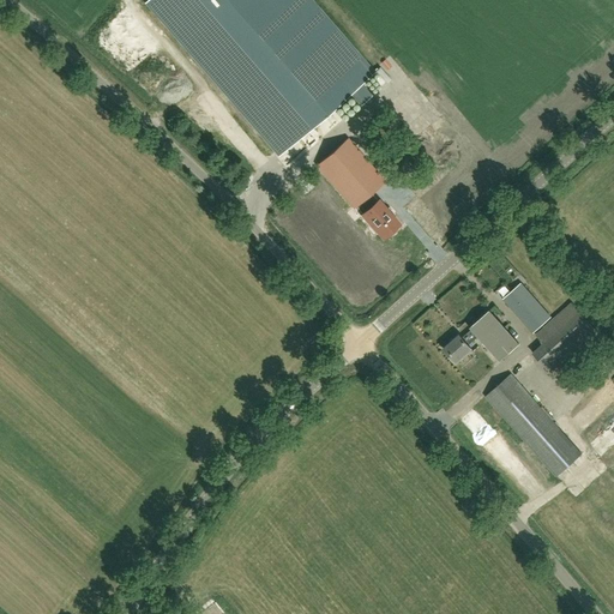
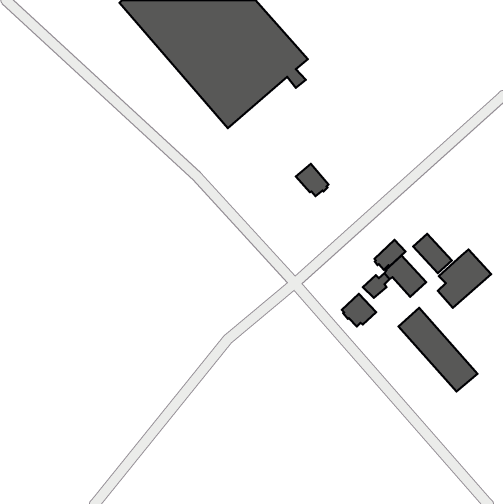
building: [318,140,383,206] -> none
building: none -> [374,240,405,270]
building: none -> [342,294,376,327]

